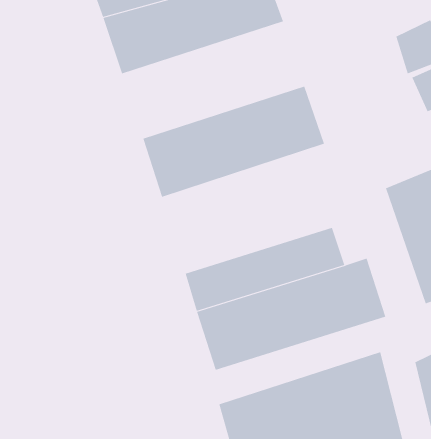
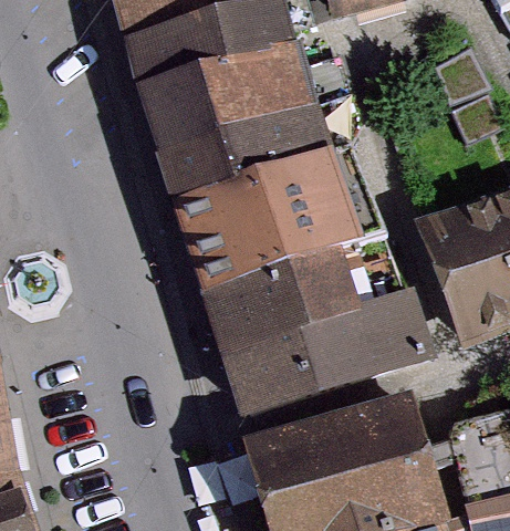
building: none -> [144,49,336,171]
building: none -> [186,171,393,313]

